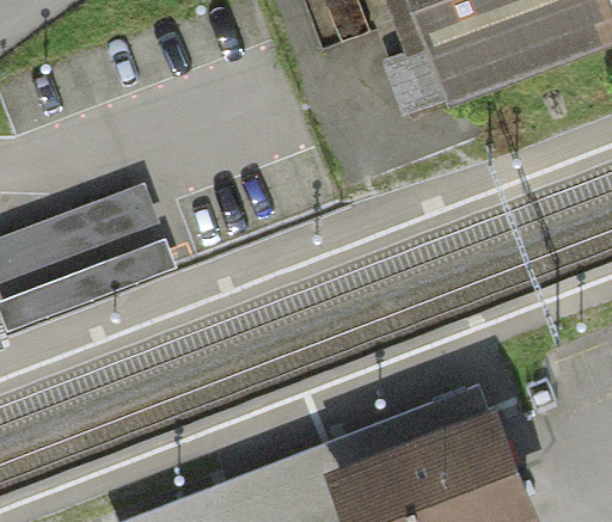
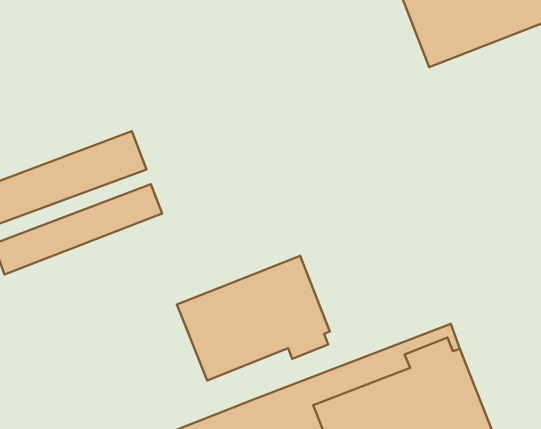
building: none -> [177,256,330,381]

